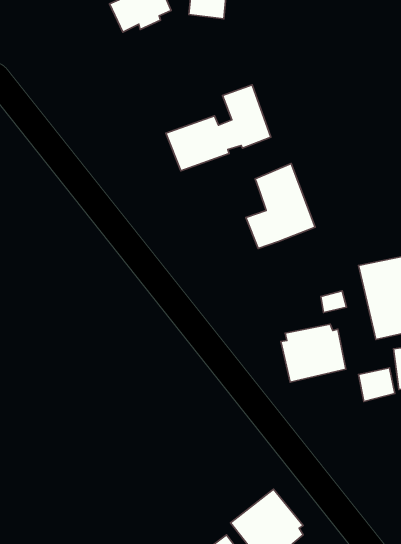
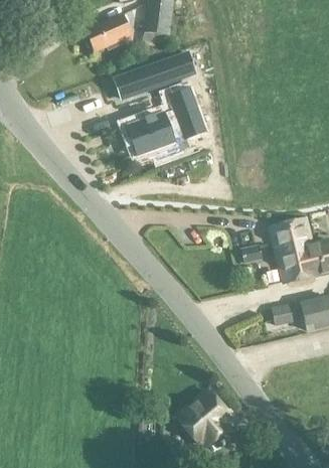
building: none -> [115,53,195,97]
building: [246,164,315,249] -> none
building: [281,324,346,382] -> none

